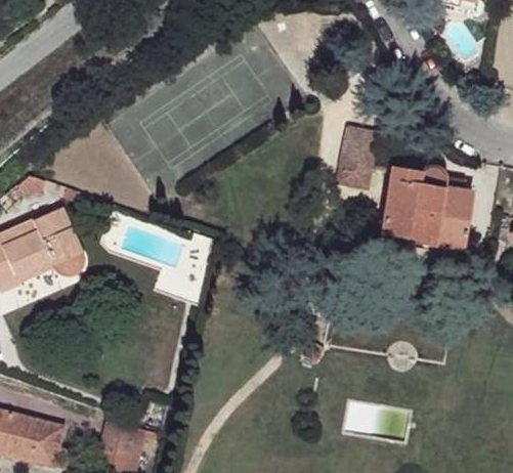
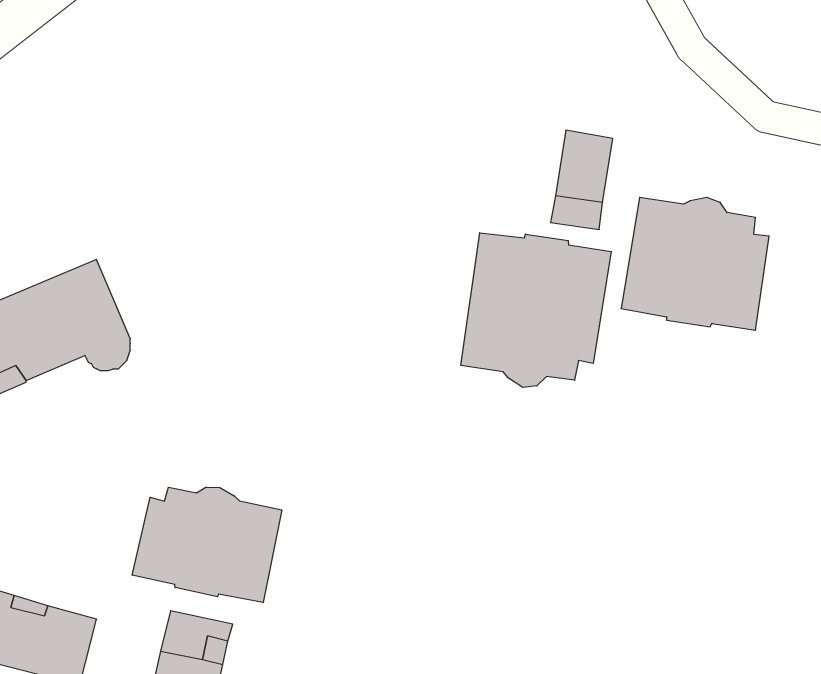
building: none -> [461,233,611,387]
building: none -> [132,487,282,603]

